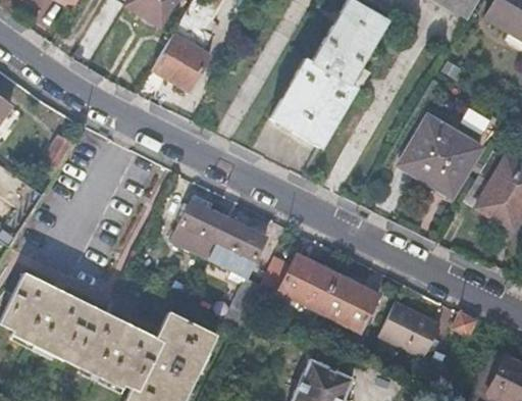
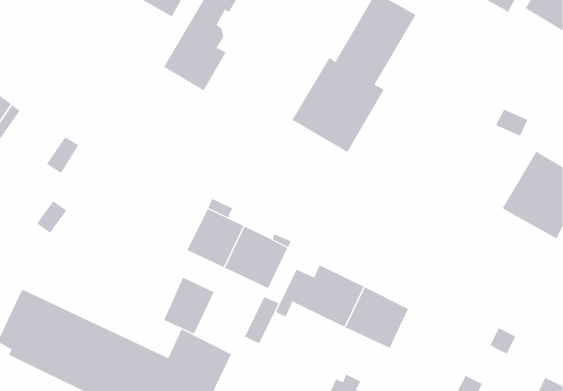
building: [400,116,481,197] -> none
building: none -> [163,277,214,335]
building: [378,301,440,356] -> none

